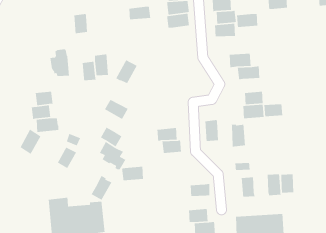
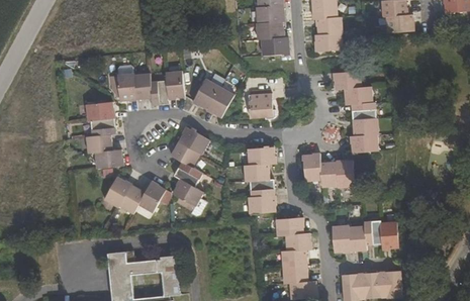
building: [128,6,151,20] -> [262,36,290,55]
building: [73,13,88,34] -> [133,73,152,99]
building: [236,13,258,28] -> [386,14,413,32]
building: none -> [207,86,234,117]
building: none -> [248,92,276,119]
building: none -> [86,101,113,120]
building: [264,104,283,117] -> [352,102,376,119]
building: none -> [170,140,199,168]
building: none -> [247,145,277,165]
building: none -> [320,161,338,187]
building: [20,129,41,155] -> [103,178,130,210]
building: [121,166,144,181] -> [248,194,276,213]
building: none -> [276,216,303,234]
building: [280,173,294,194] -> [365,219,382,244]
building: [91,175,113,201] -> [137,182,165,214]
building: none -> [333,223,351,253]
building: none -> [282,248,307,266]

